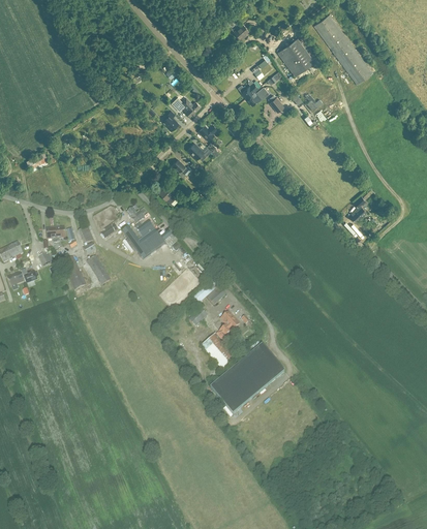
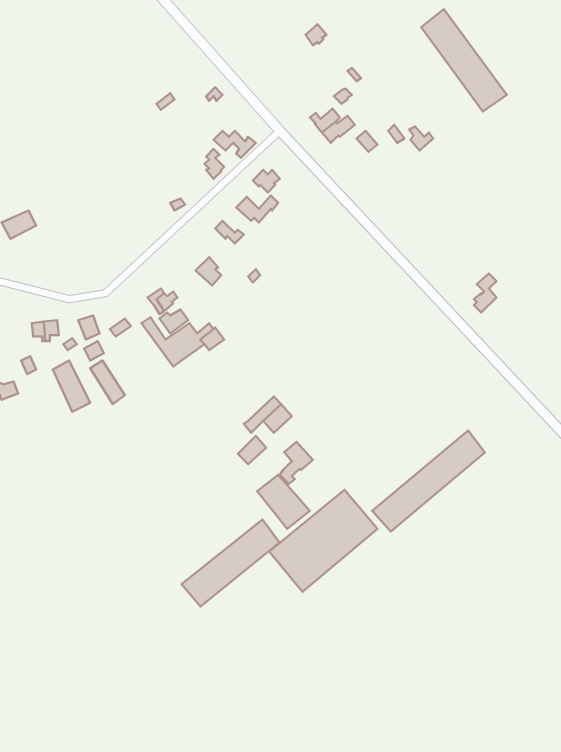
building: [278,37,314,75] -> none
building: none -> [372,430,485,532]
building: none -> [181,519,280,606]

